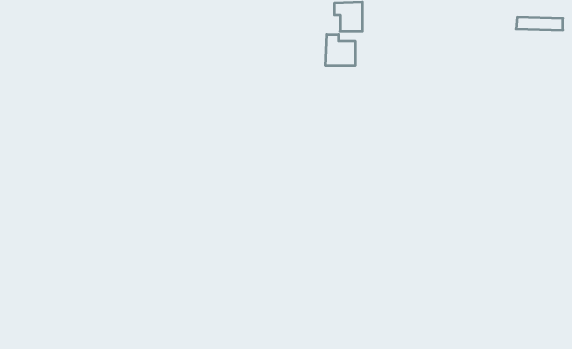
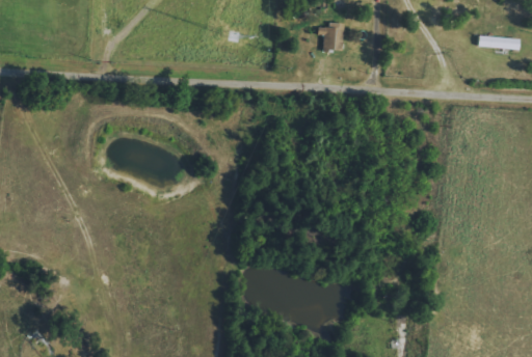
building: [326,34,355,66] -> none

